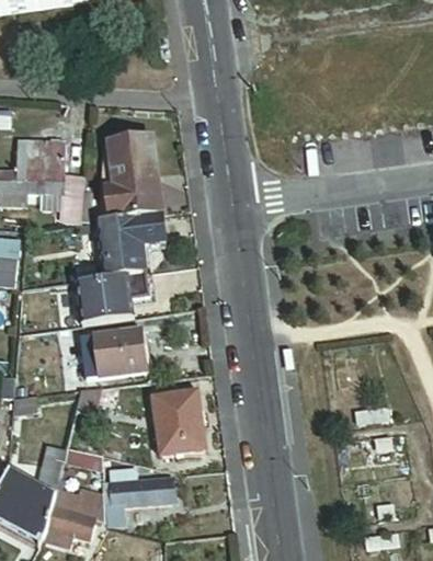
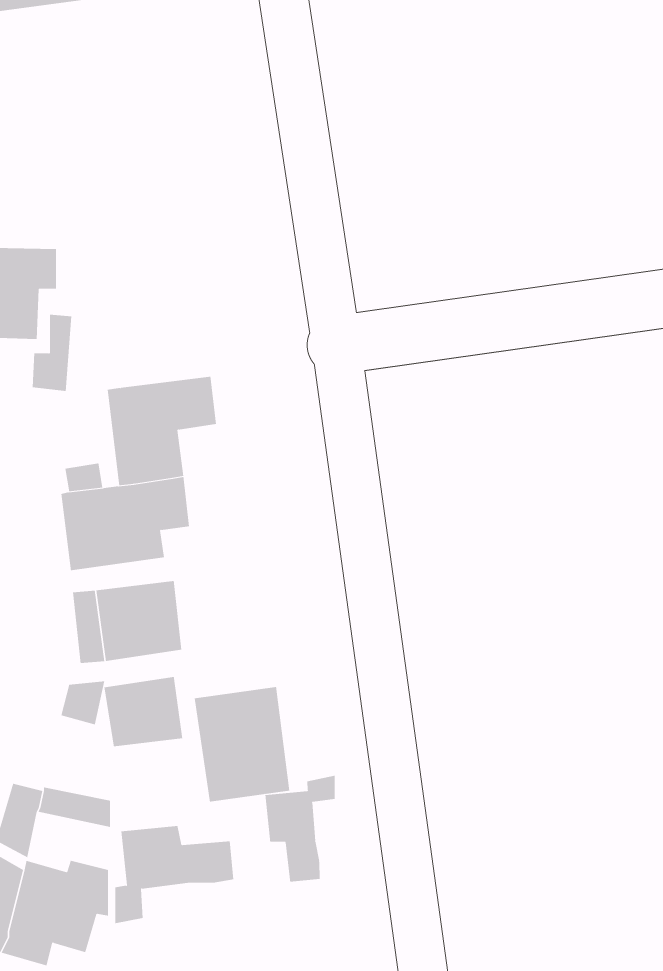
building: [105,137,161,220] -> none
building: none -> [104,676,183,747]
building: none -> [265,775,335,883]

